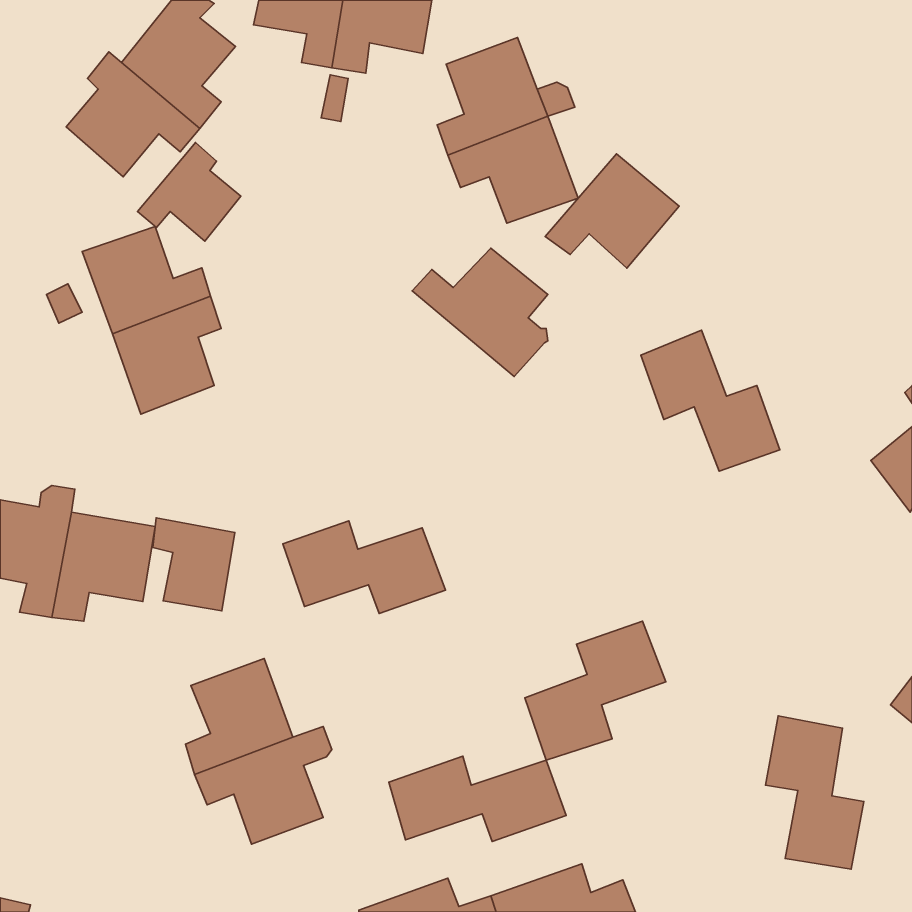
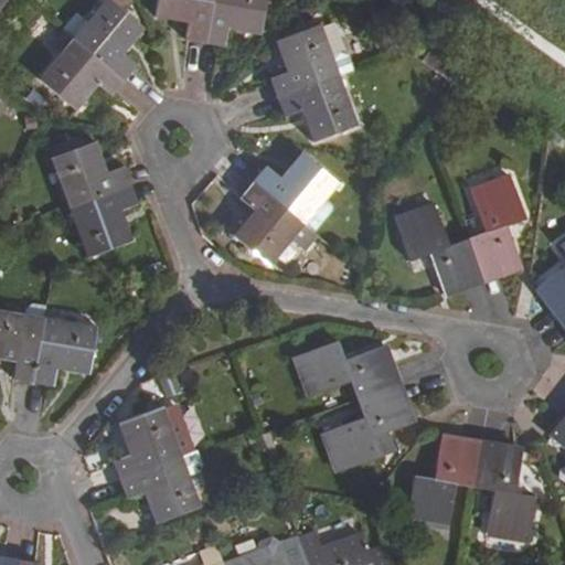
building: [137,143,241,241] -> none
building: [545,154,679,268] -> none
building: none -> [468,177,525,278]
building: none -> [234,180,321,264]
building: [153,518,235,611] -> none
building: [283,521,445,614] -> [297,341,397,398]
building: none -> [406,435,481,524]
building: [389,756,566,842] -> none

